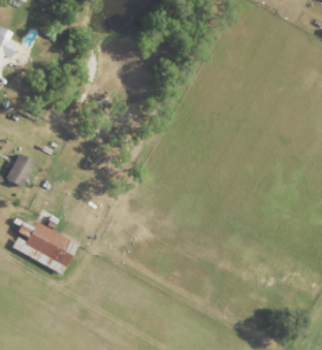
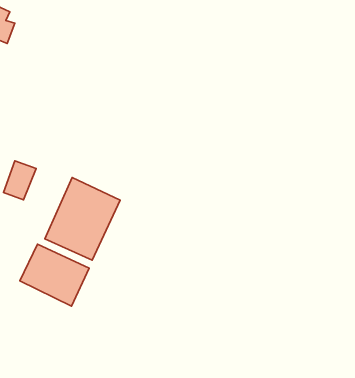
building: none -> [45,178,120,260]

